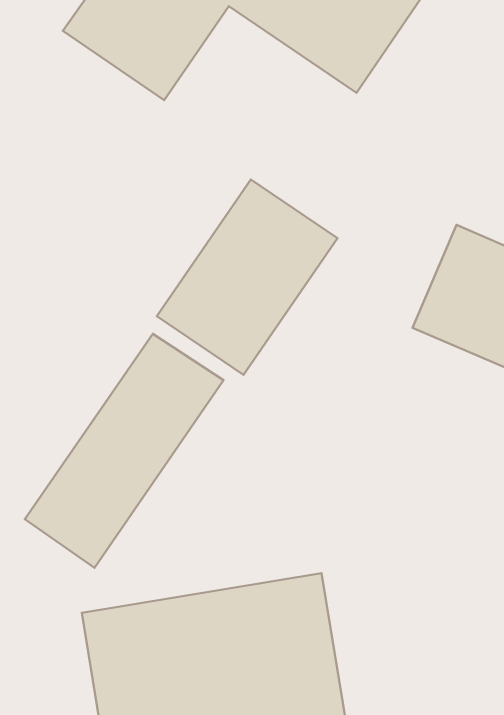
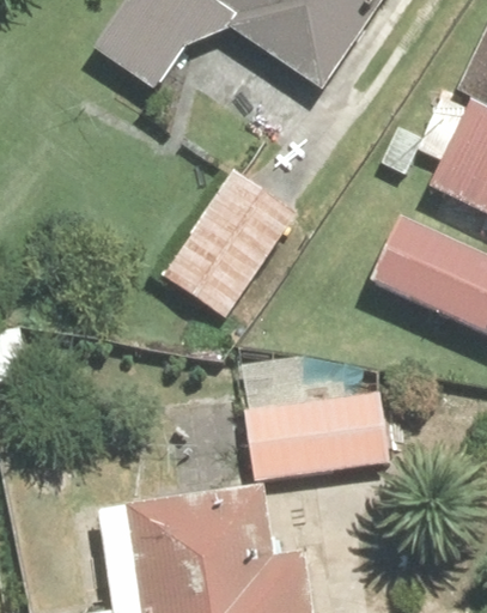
building: [25,334,223,568] -> none
building: none -> [245,382,389,477]

